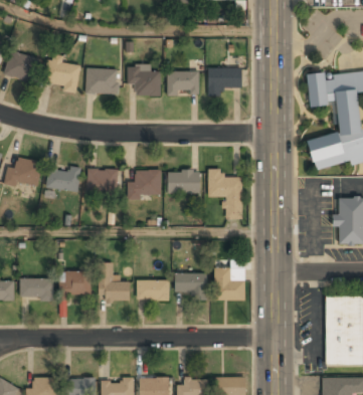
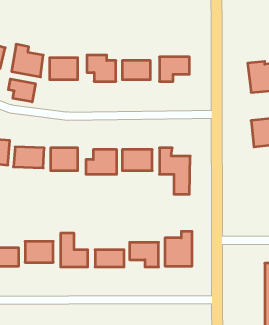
building: none -> [8,79,35,102]

